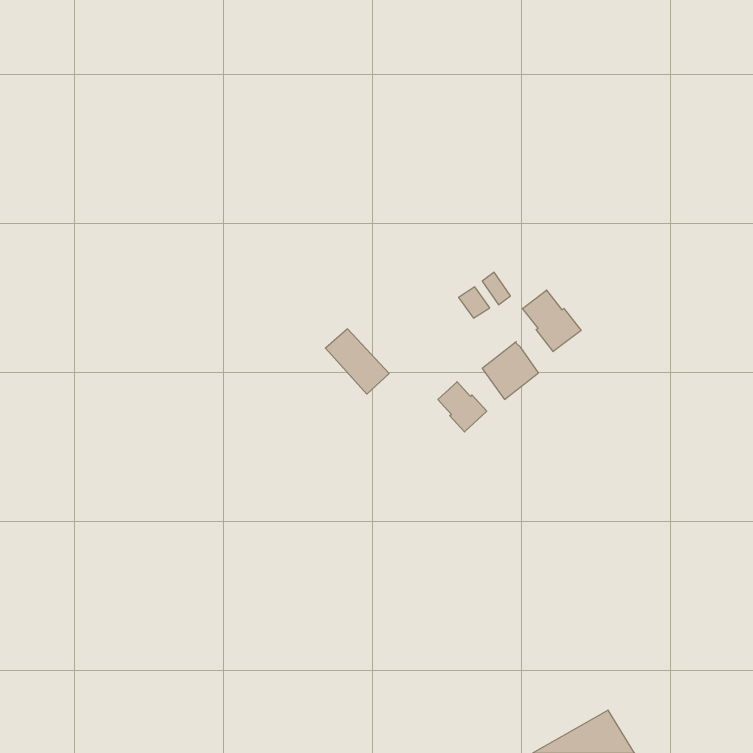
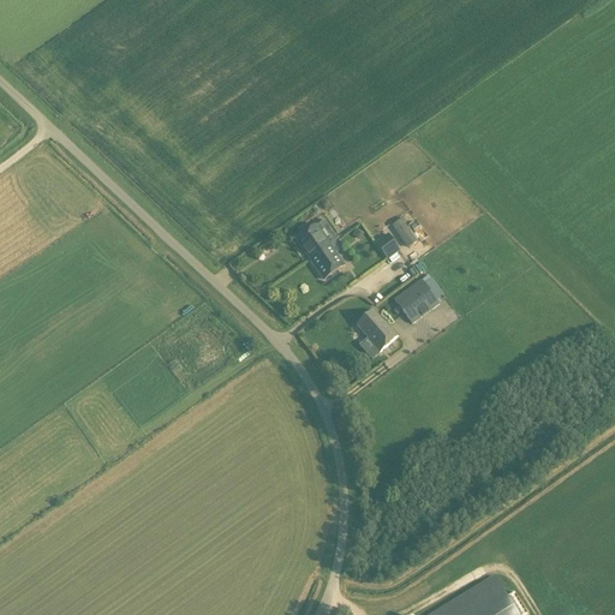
building: [522,290,581,352] -> none
building: [325,329,389,394] -> [295,226,347,279]

